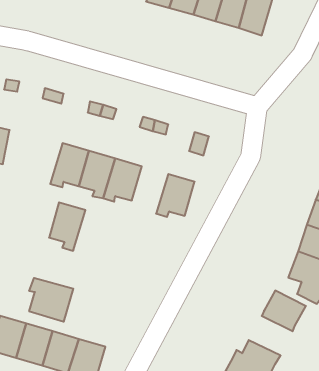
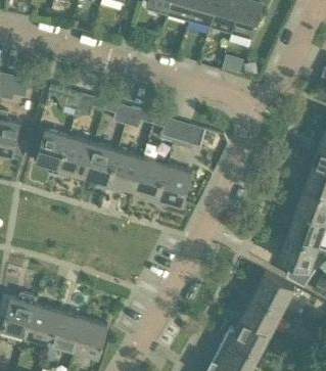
building: none -> [134,158,168,202]
building: [49,202,85,251] -> [36,130,69,175]
building: [29,278,73,322] -> none
building: none -> [242,297,283,334]

